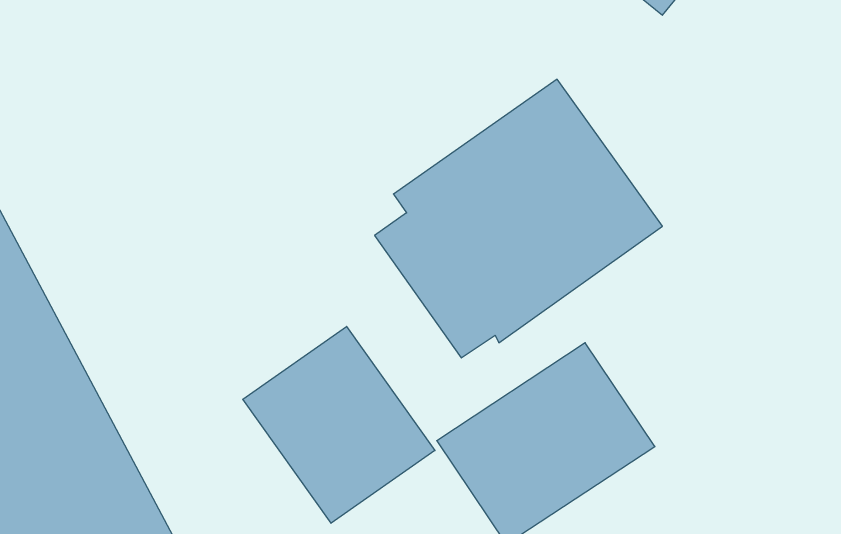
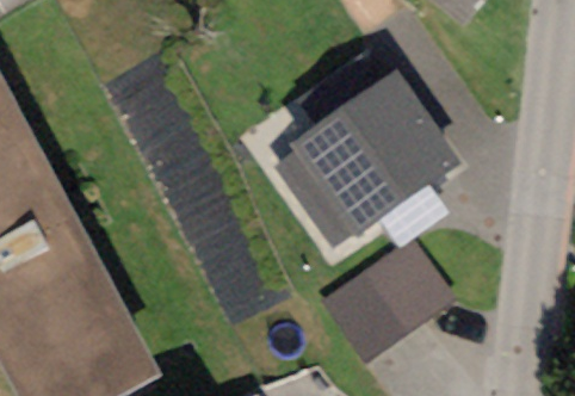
building: [243,326,435,523] -> none

